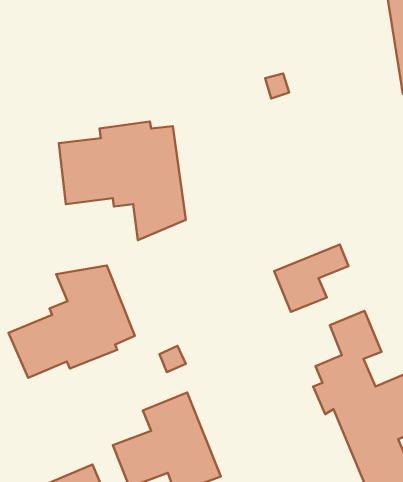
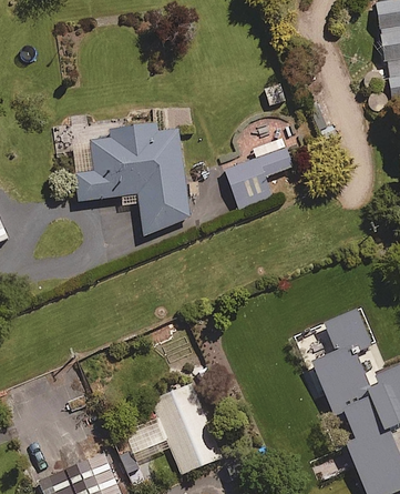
building: [274,245,348,312] -> [224,148,293,210]
building: [9,266,135,378] -> none

